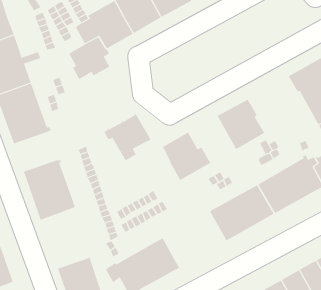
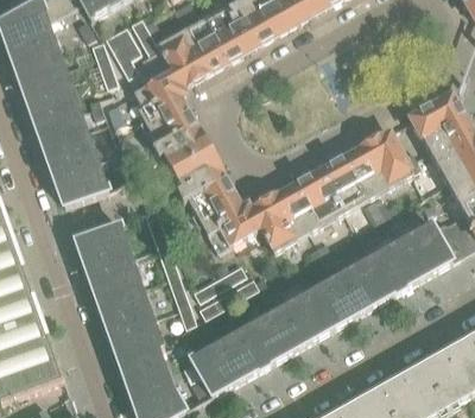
building: none -> [146,106,217,184]
building: none -> [359,127,420,189]
building: none -> [284,167,343,227]
building: none -> [204,197,260,249]
building: none -> [97,283,164,360]
building: none -> [252,287,331,359]

